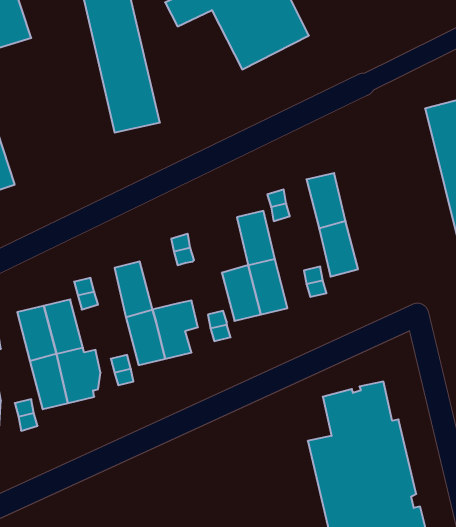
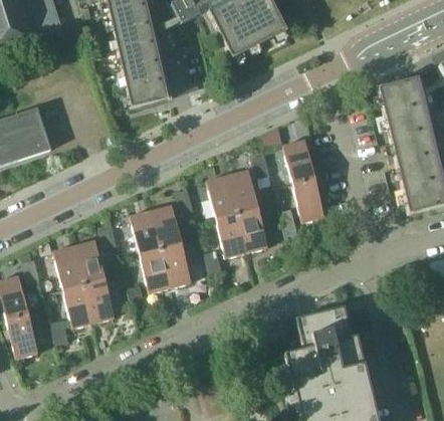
building: none -> [208,174,238,218]
building: none -> [152,204,183,247]

